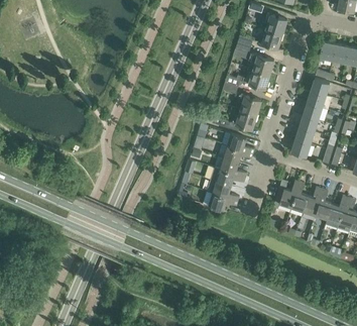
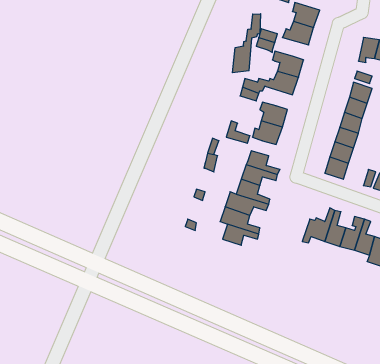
building: none -> [233,14,261,73]

